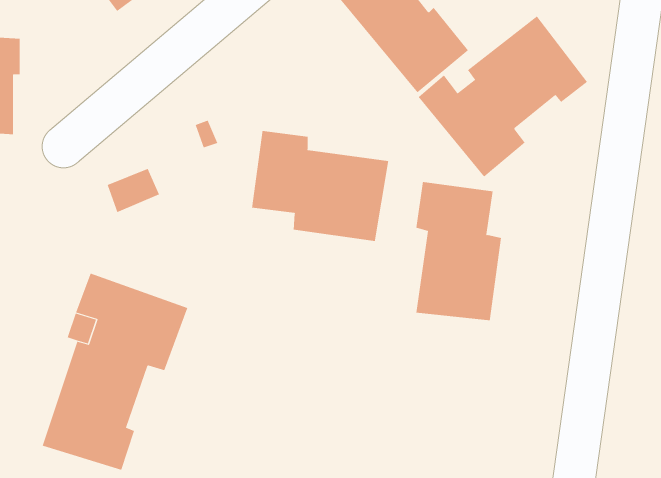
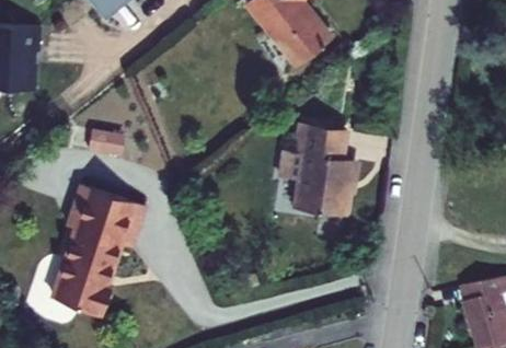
building: [418,15,588,178] -> none
building: [251,130,389,242] -> none

